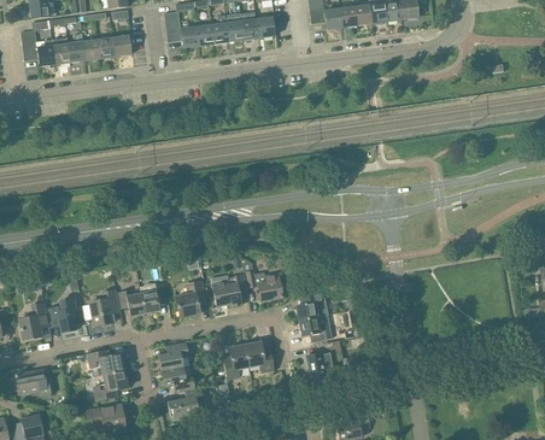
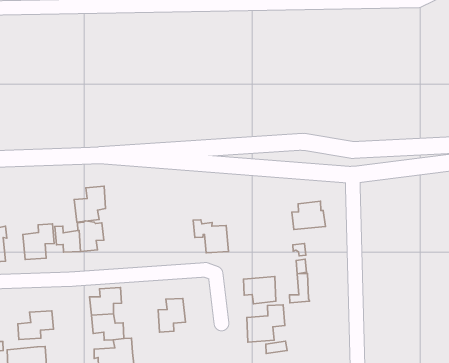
building: [212,274,248,307] -> none
building: [176,281,206,317] -> [74,186,105,222]
building: [297,292,329,321] -> [292,201,325,229]
building: [246,341,275,371] -> none
building: [89,348,125,374] -> none

